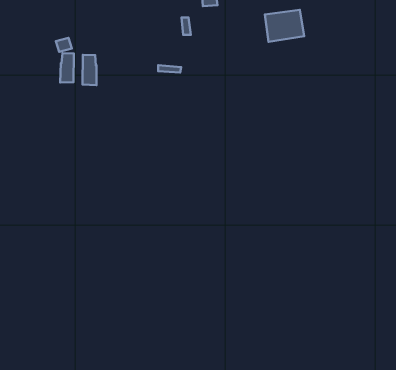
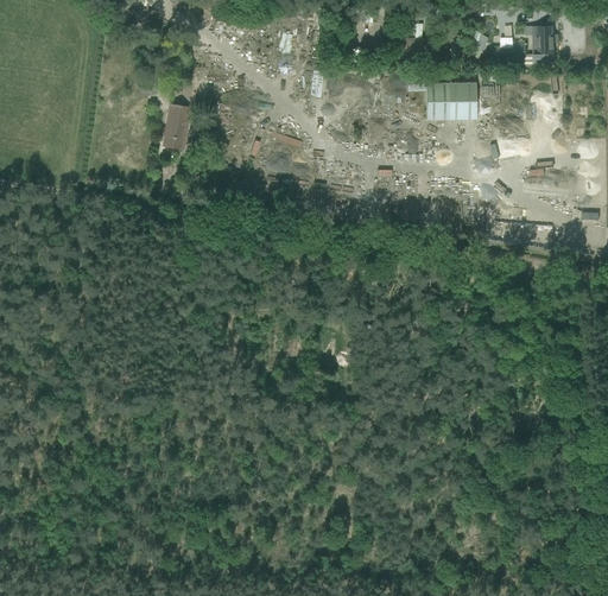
building: [60,53,74,83] -> none

